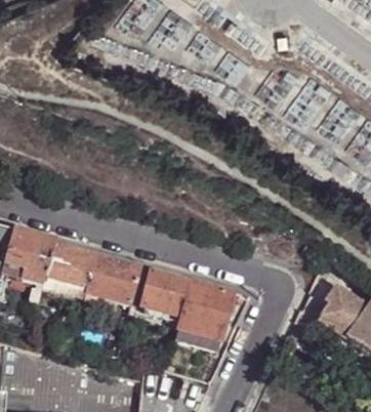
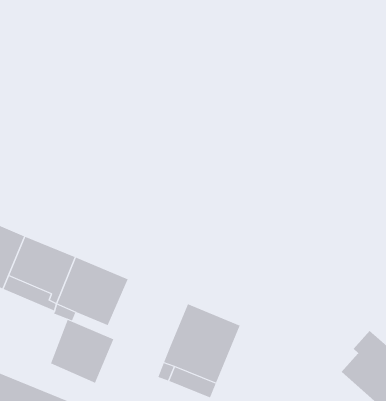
building: [143,269,192,317] -> [50,319,114,384]

